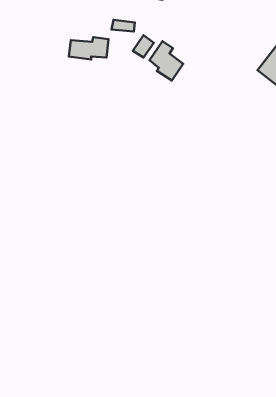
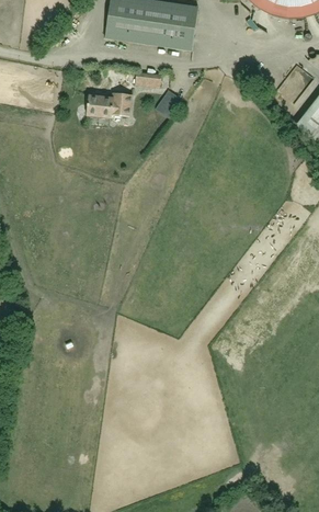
building: [149,41,183,81] -> none

